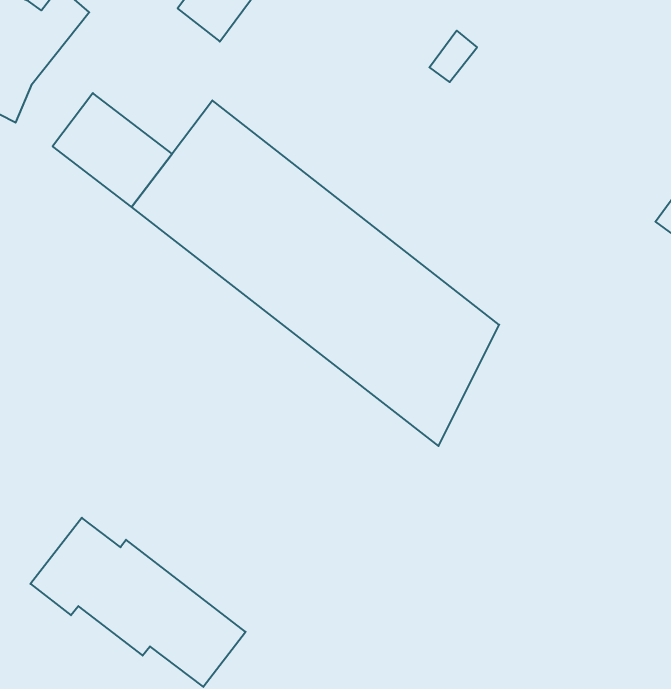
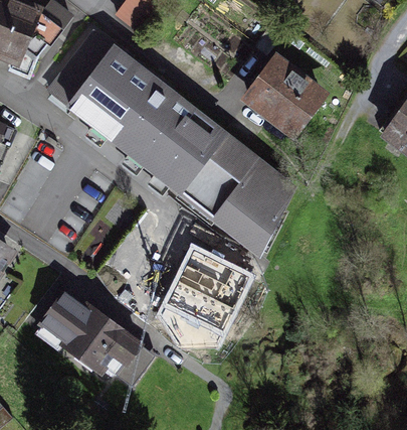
building: none -> [71,30,137,93]
building: none -> [249,55,321,129]
building: none -> [167,249,248,342]

